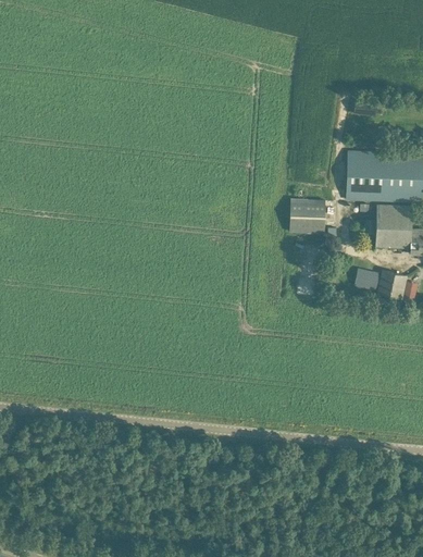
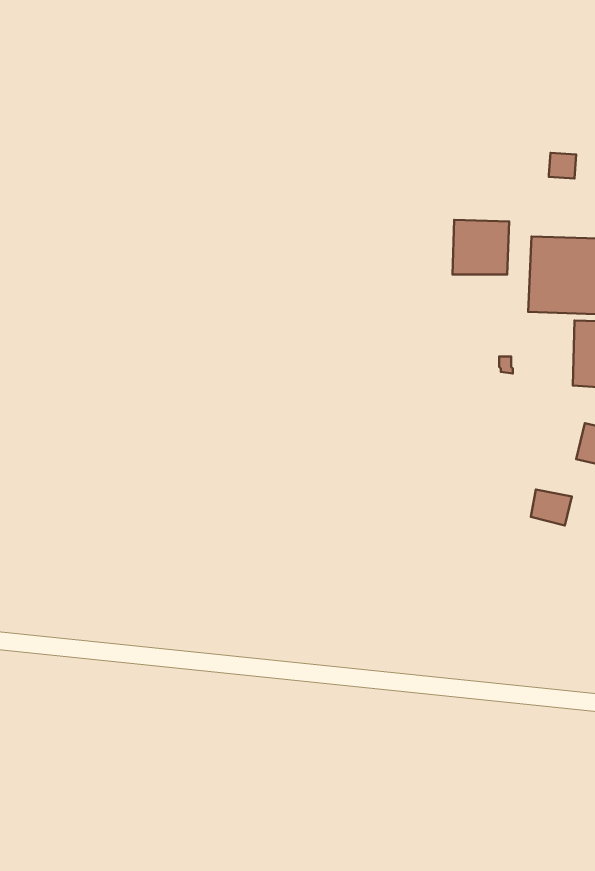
building: [289,198,325,233] -> [452,220,509,275]
building: [353,268,380,290] -> [531,489,572,525]

